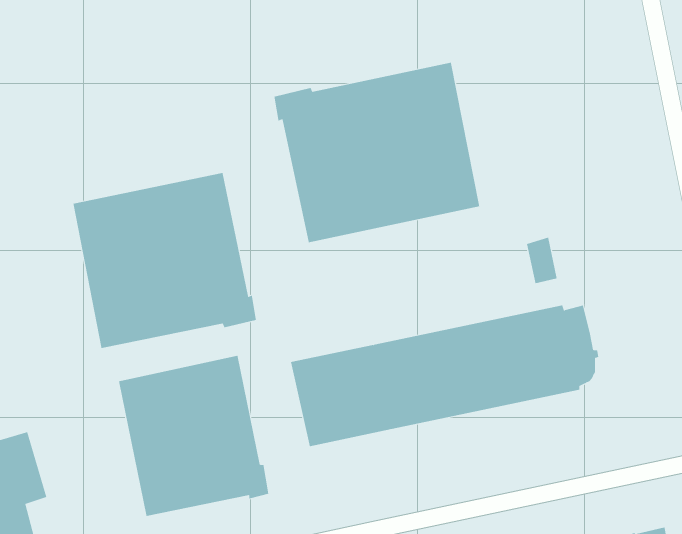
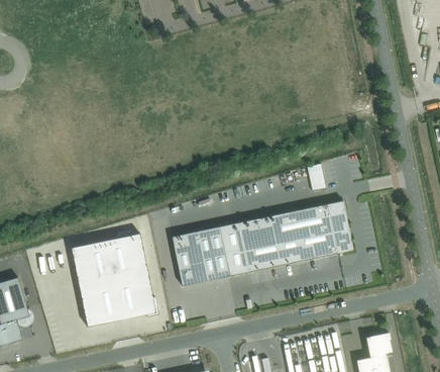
building: [274,62,480,243] -> none
building: [73,172,256,349] -> none

